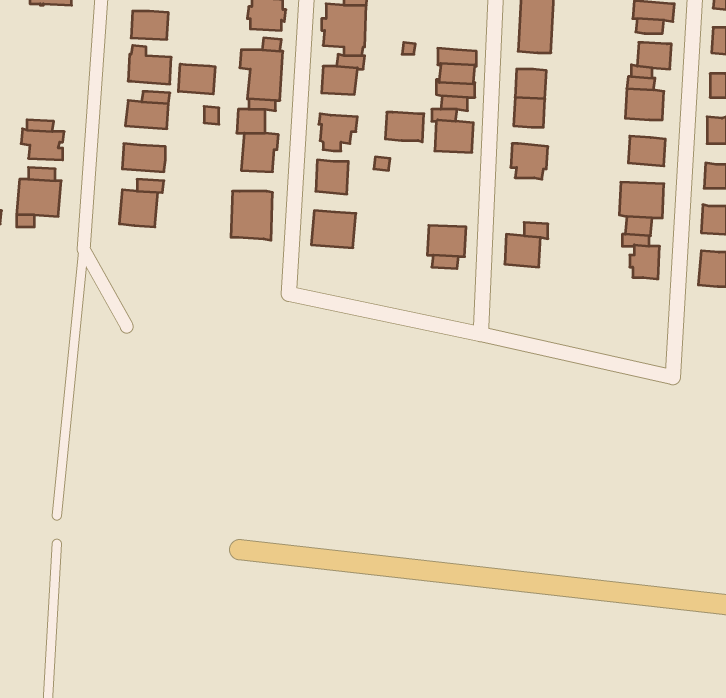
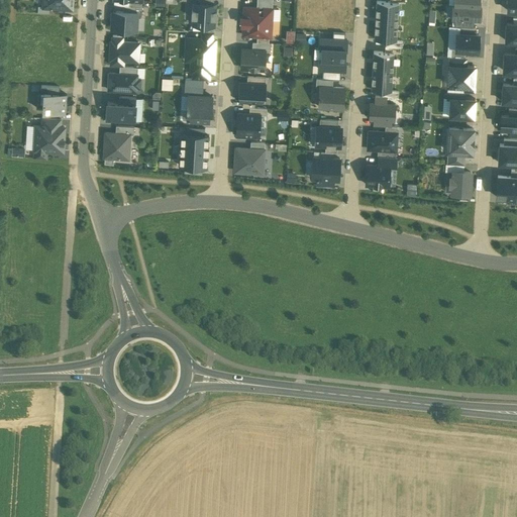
building: [178,64,215,94] -> none
building: [385,112,424,142] -> [315,127,341,147]
building: none -> [368,132,397,151]

